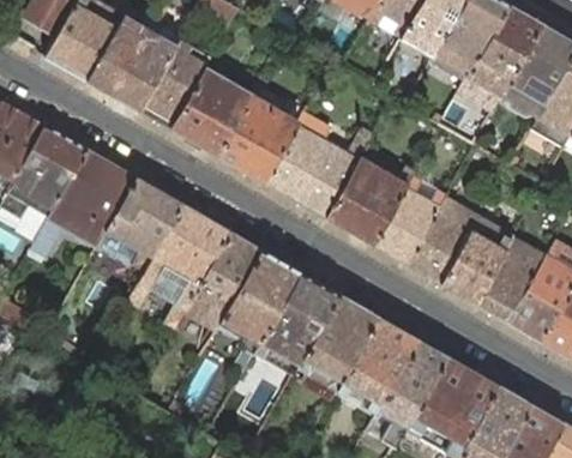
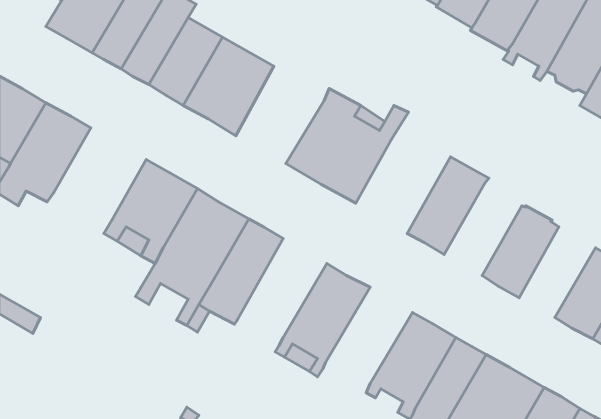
building: [217,64,297,181] -> none
building: [29,149,136,257] -> none
building: [326,159,416,245] -> none
building: [407,199,477,283] -> none
building: [475,239,544,321] -> none
building: [218,249,300,372] -> none
building: [296,294,378,398] -> none

